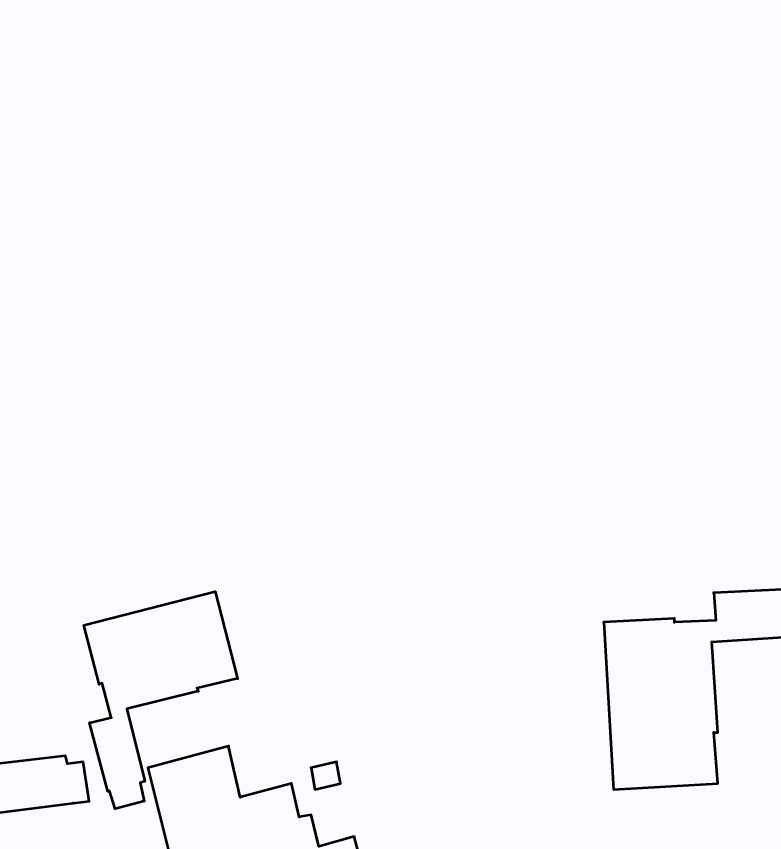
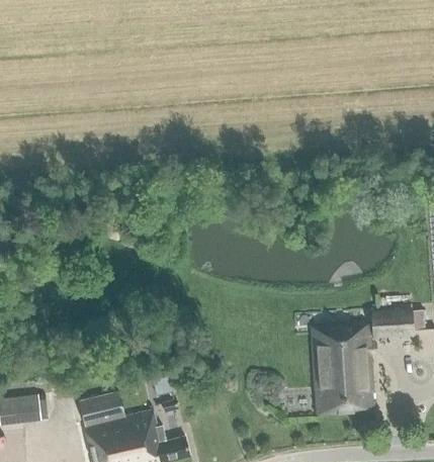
building: [84,592,238,809] -> none

